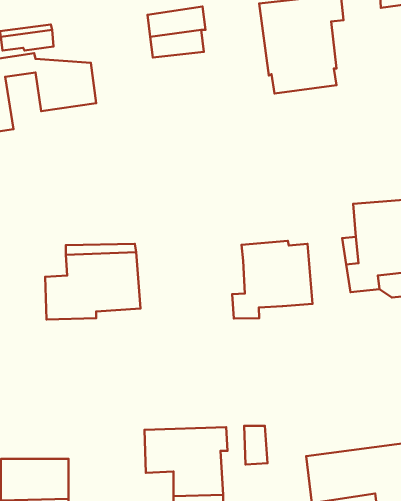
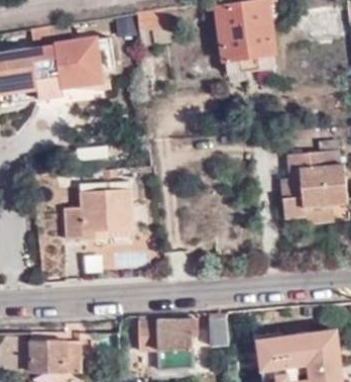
building: [232,241,313,319] -> none

